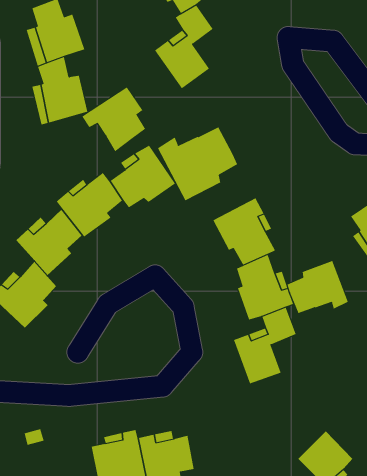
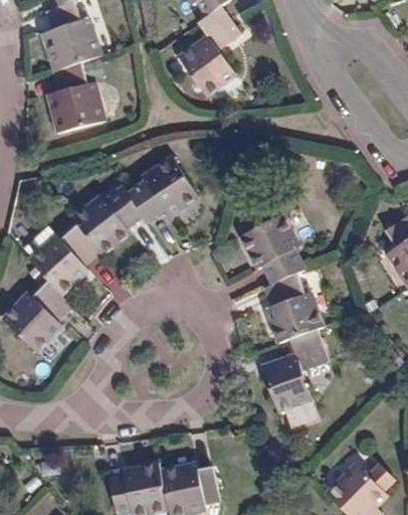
building: [81,87,146,152] -> none
building: [157,126,238,201] -> none
building: [287,260,349,314] -> none

